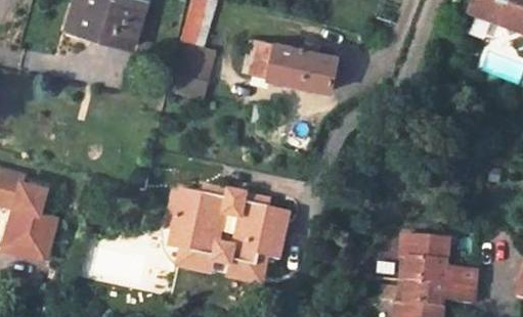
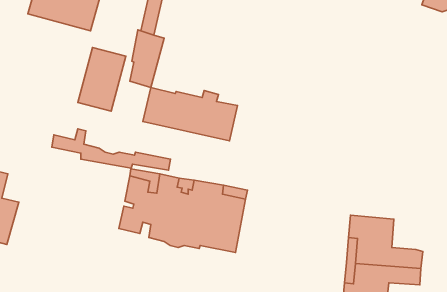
building: [245,39,341,93] -> [143,87,238,141]
building: none -> [78,47,126,111]
building: [160,238,280,280] -> [52,129,171,170]

